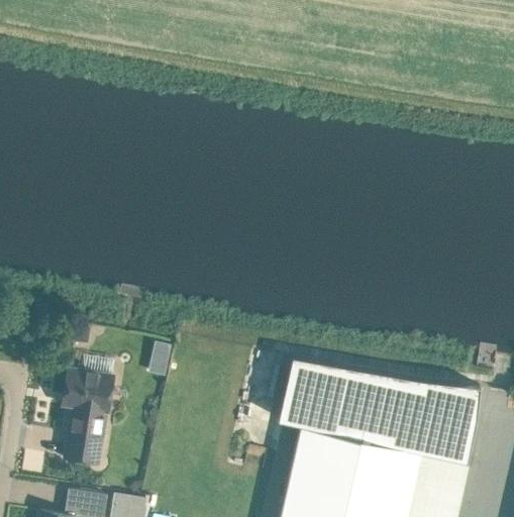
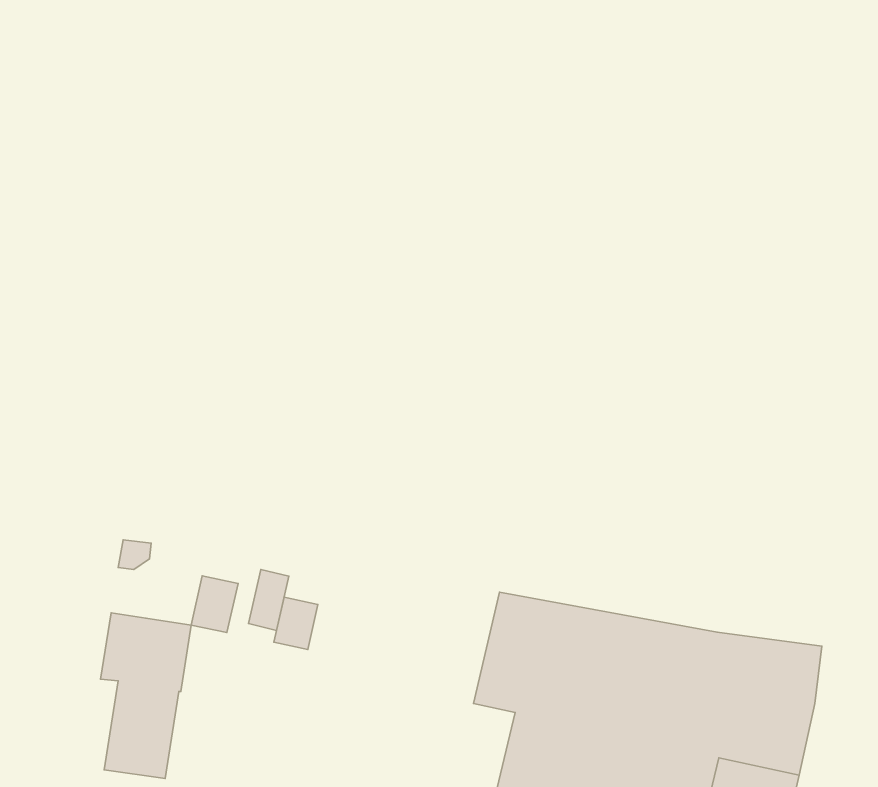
building: none -> [191,576,238,633]
building: none -> [274,597,318,649]

